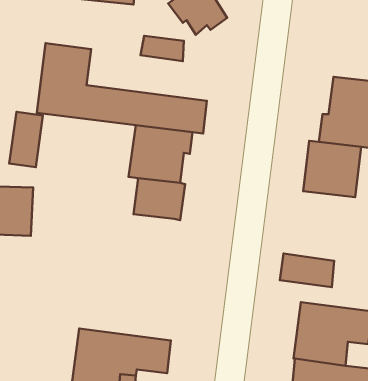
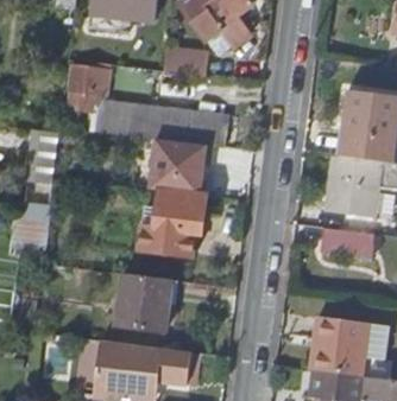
building: none -> [137,208,194,260]
building: [280,254,334,287] -> [320,227,373,260]
building: none -> [115,275,170,332]

